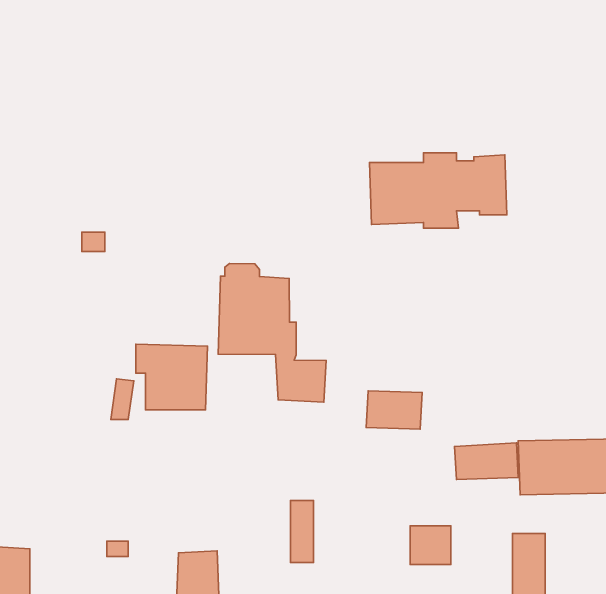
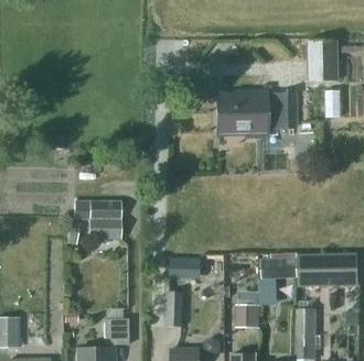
building: none -> [304,40,335,80]
building: [218,264,326,402] -> none
building: [366,391,422,429] -> [170,256,202,278]

